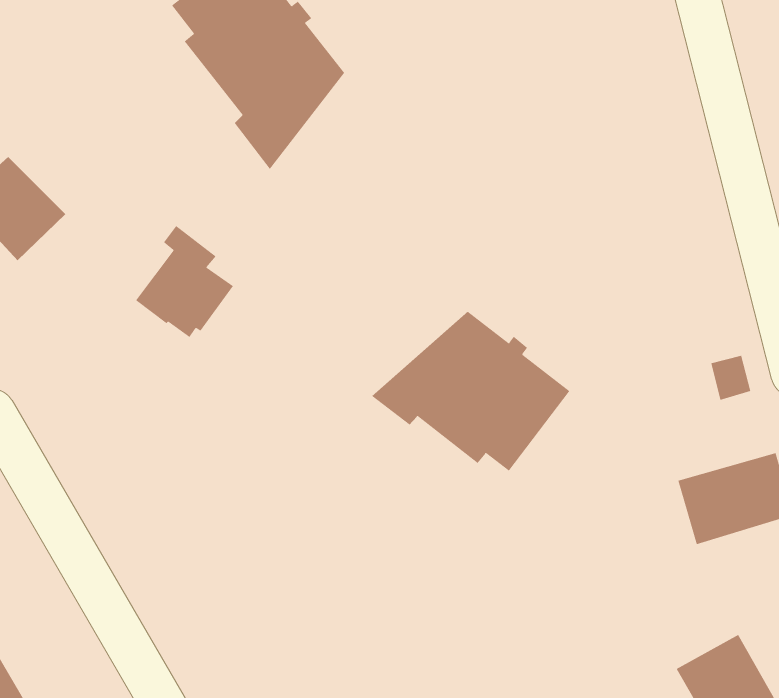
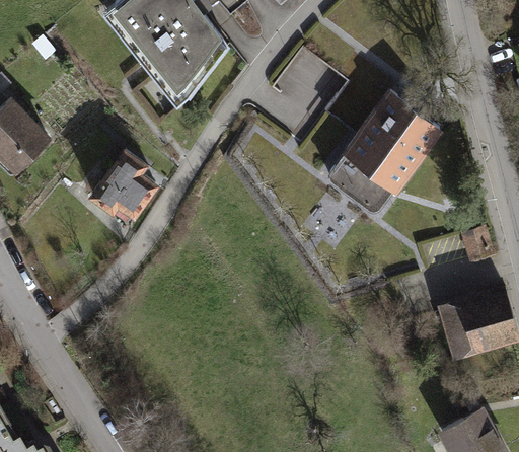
building: none -> [328,93,438,212]
building: [371,311,570,472] -> none

